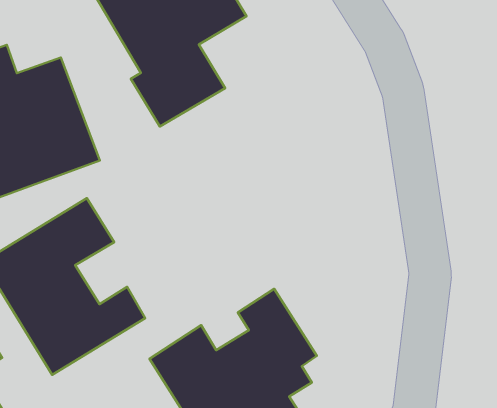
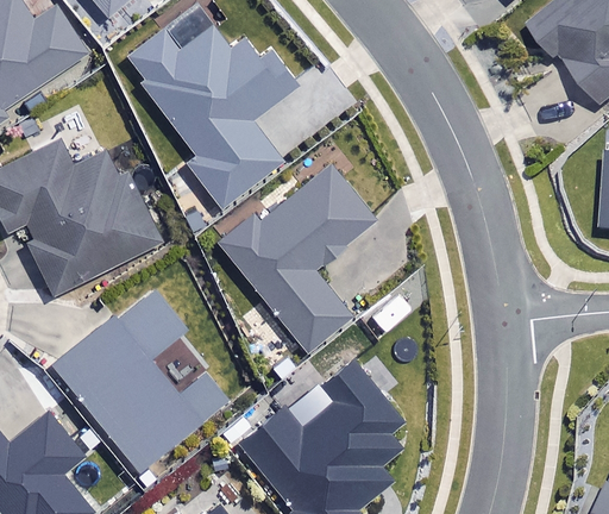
building: none -> [216,164,373,351]

